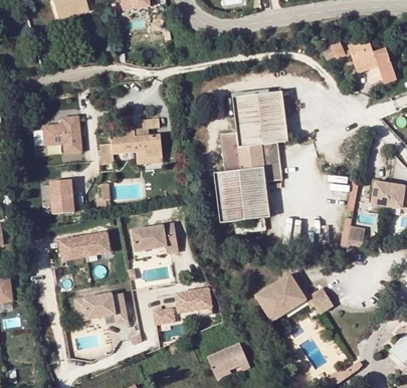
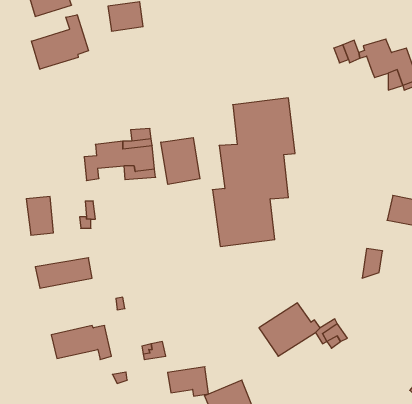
building: none -> [31,15,88,69]
building: [41,117,79,154] -> none
building: none -> [161,138,200,184]
building: [132,223,179,252] -> none
building: [174,288,210,315] -> [168,367,208,396]

